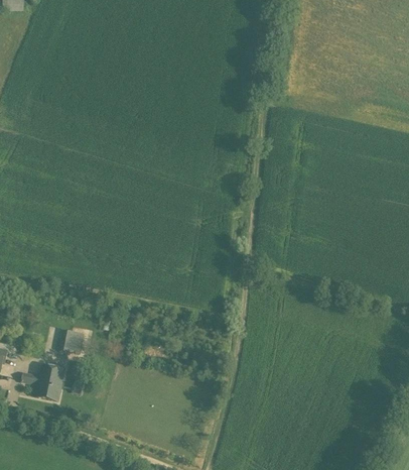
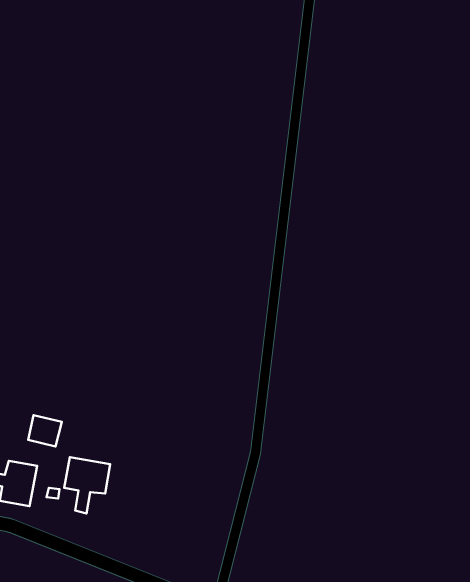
building: none -> [64,457,110,513]

